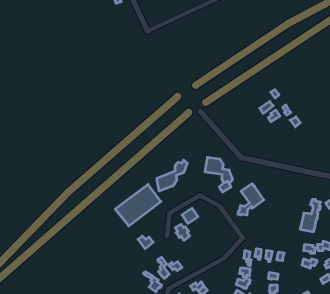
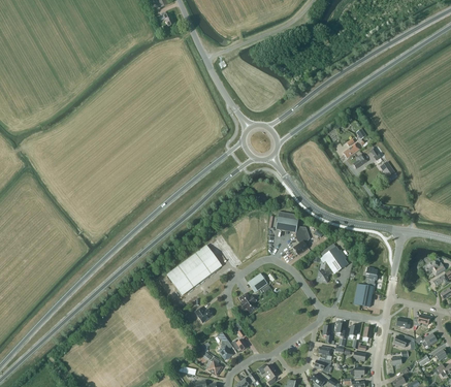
building: [157,160,187,191] -> none
building: [300,200,321,232] -> [353,267,378,307]

